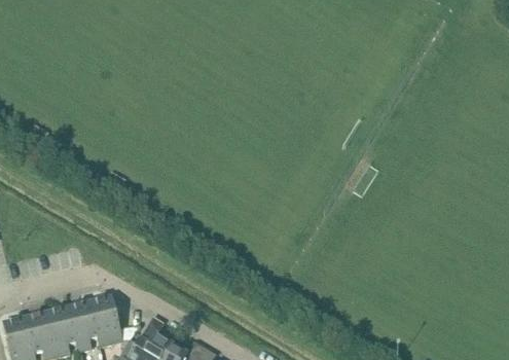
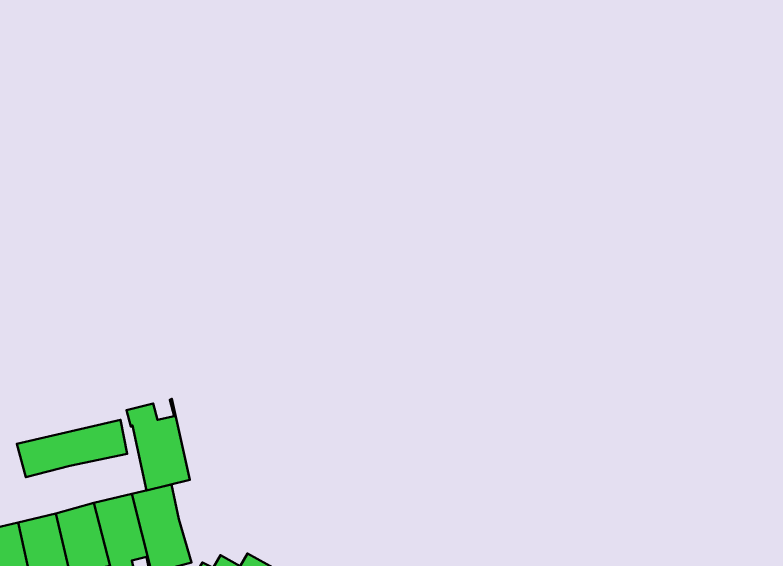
building: none -> [127,399,190,490]
building: none -> [17,420,127,477]

